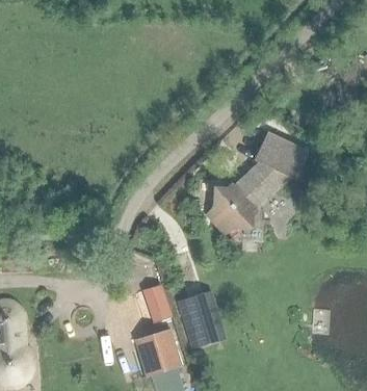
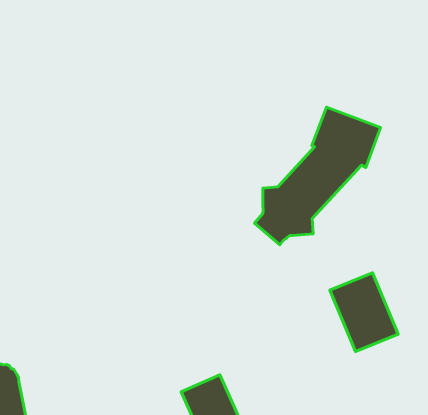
building: [141,283,171,321] -> none
building: [176,290,225,348] -> [330,273,398,352]

